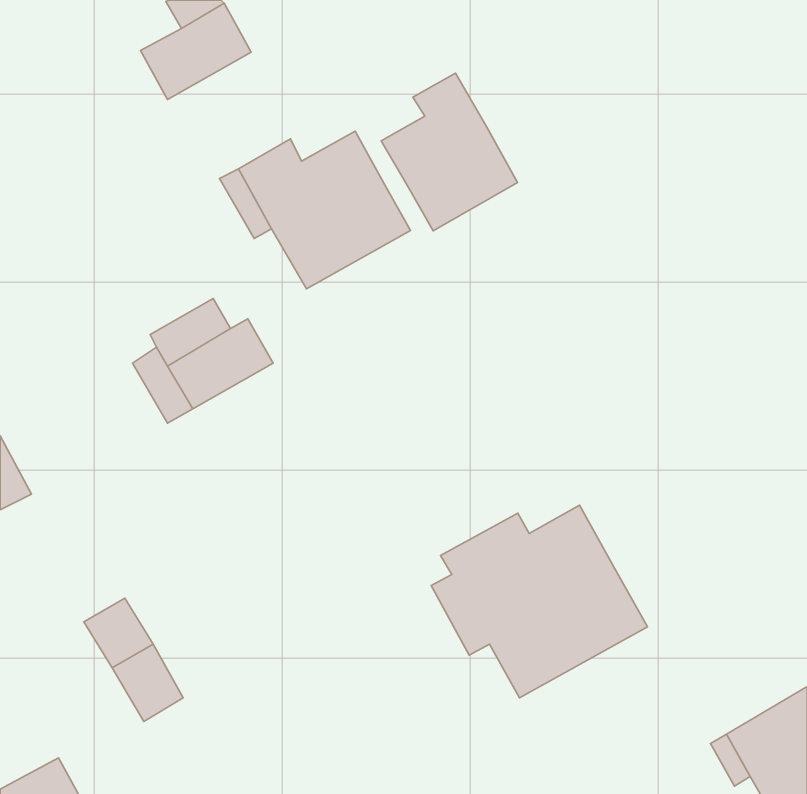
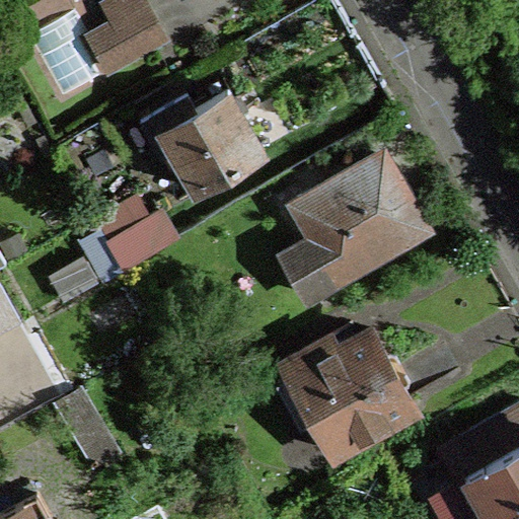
building: [381,73,518,231] -> none
building: none -> [283,158,427,297]

